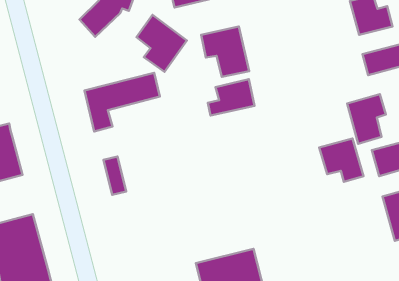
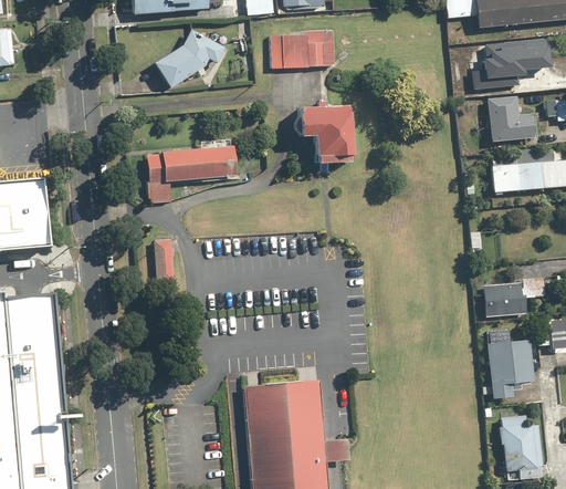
building: [137,15,187,72] -> none
building: [208,79,255,116] -> none
building: [347,94,386,144] -> none
building: [319,139,363,182] -> none

